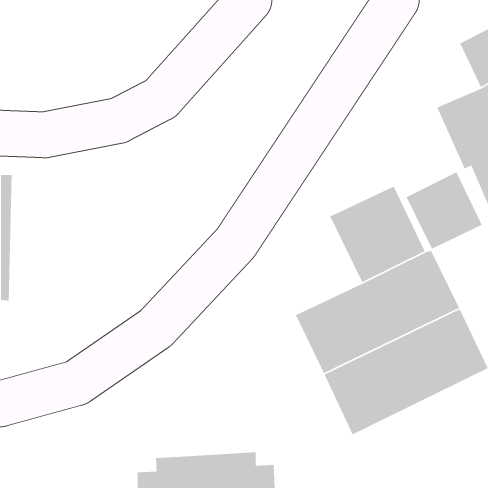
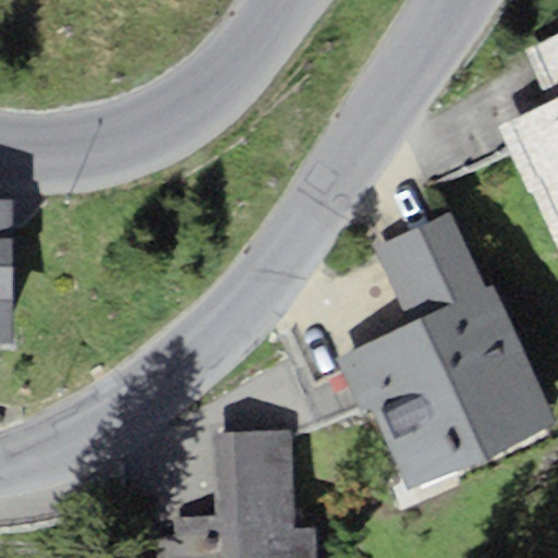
building: [405,171,483,250] -> none
building: none -> [213,430,293,520]

